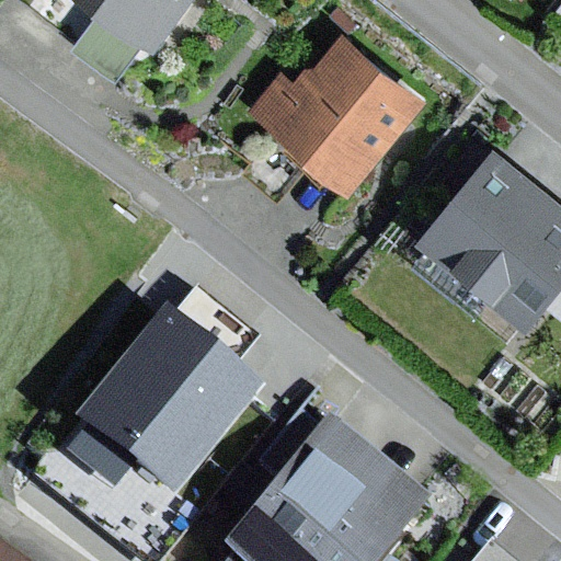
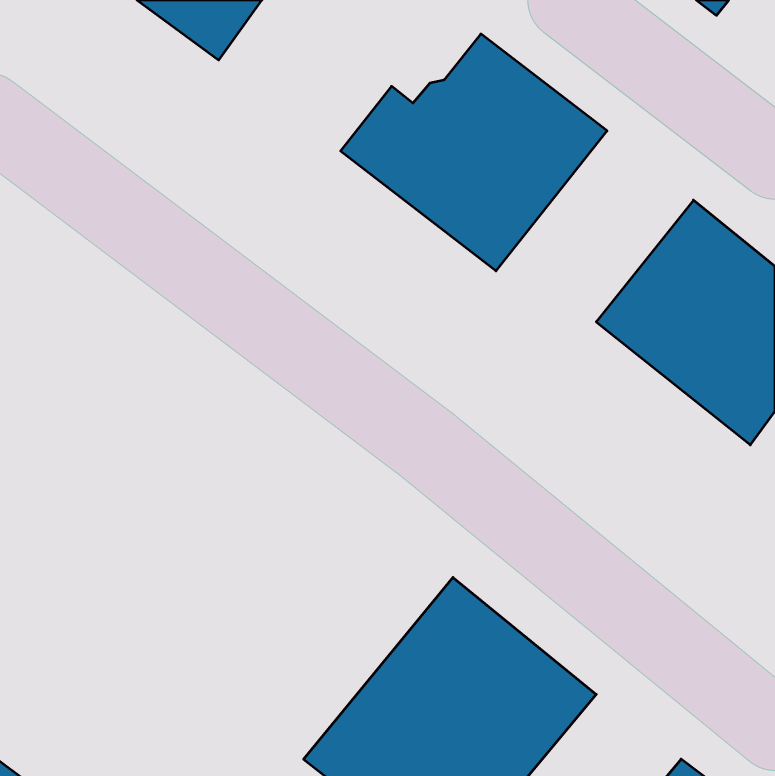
building: [67,291,261,504] -> none

